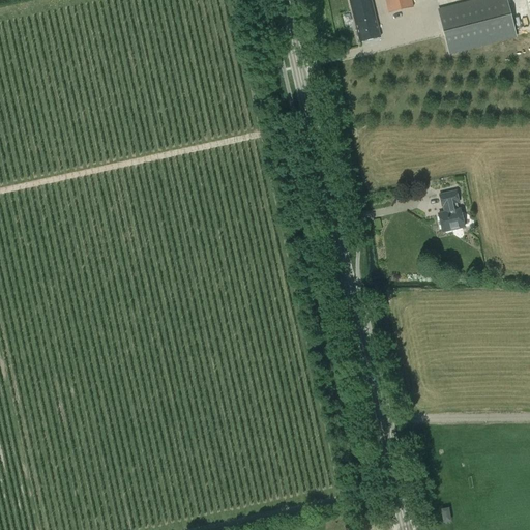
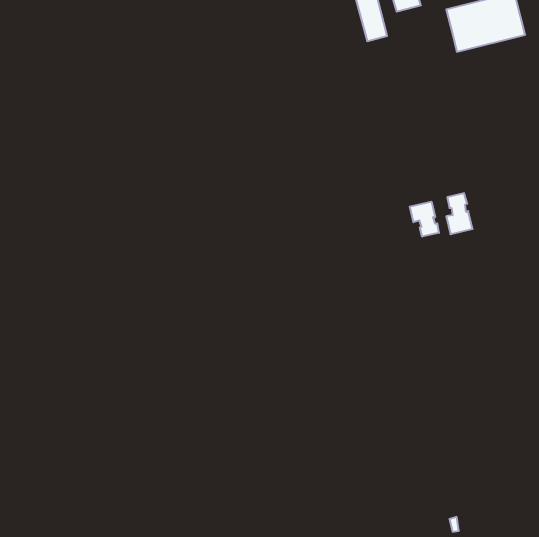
building: none -> [410,202,439,237]

